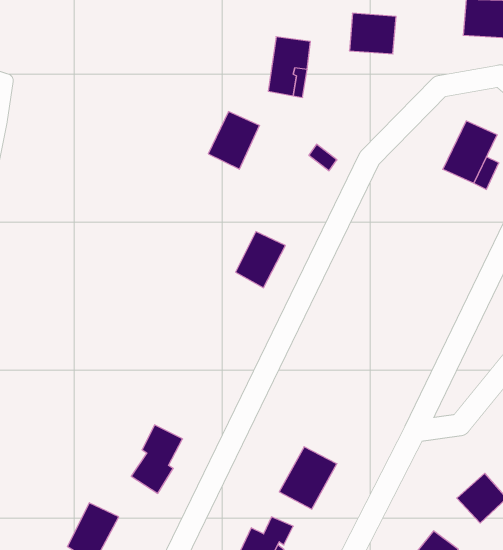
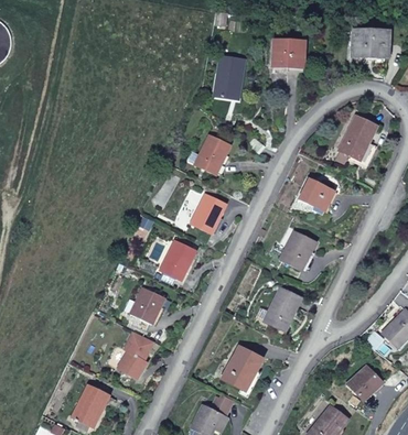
building: [208,112,260,169] -> [194,134,230,175]
building: none -> [299,178,334,214]
building: none -> [279,230,315,269]
building: none -> [158,239,195,284]
building: none -> [125,286,164,330]
building: none -> [262,287,302,330]

